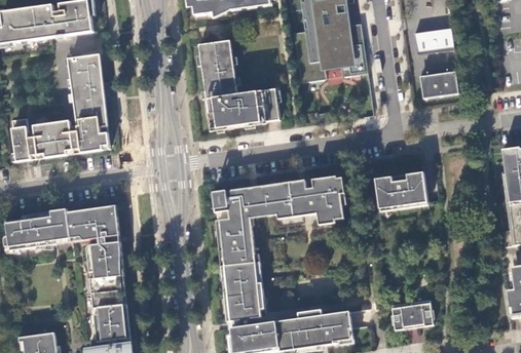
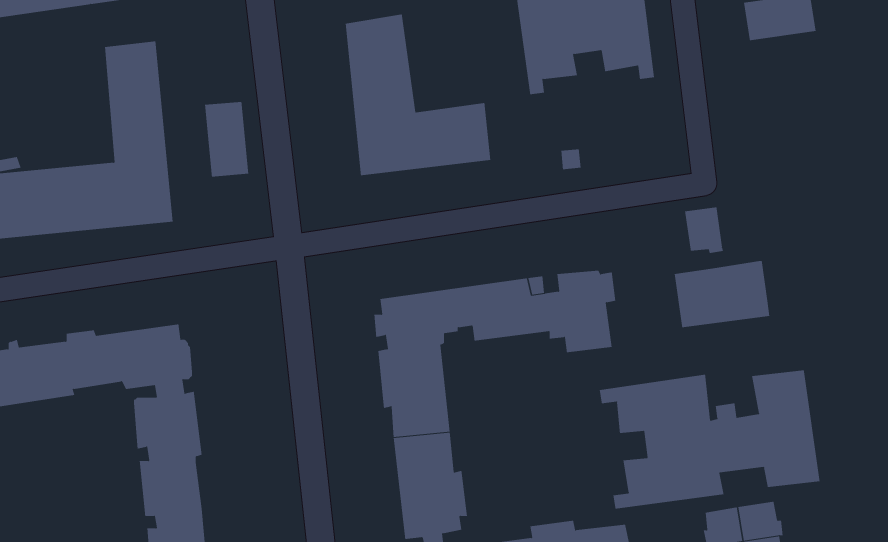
building: [417,70,454,96] -> none
building: none -> [204,101,249,178]
building: none -> [685,207,724,254]
building: none -> [599,370,820,509]

